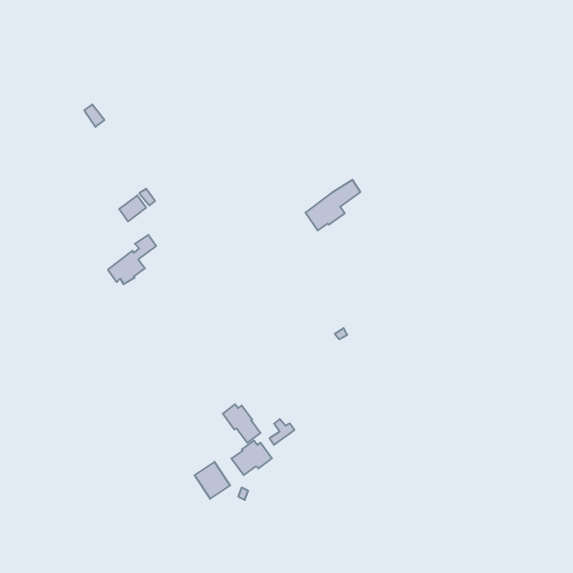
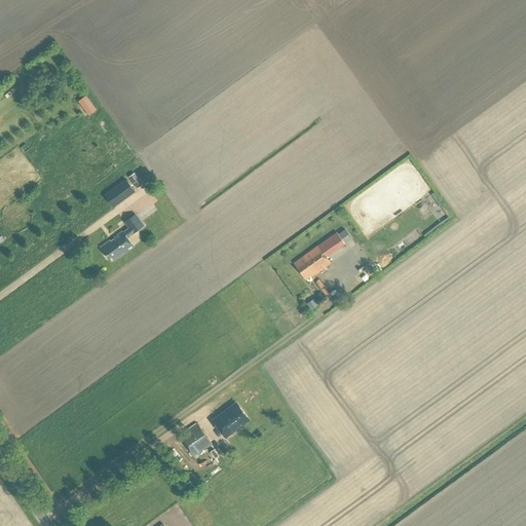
building: [305,180,360,230] -> [293,233,343,279]
building: [223,404,261,443] -> none

